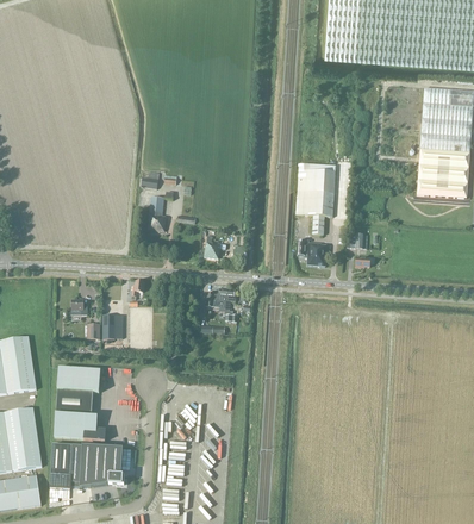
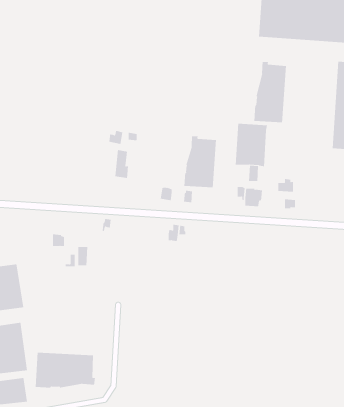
building: none -> [254,61,286,123]
building: none -> [184,136,217,188]
building: [56,368,107,442] -> none

